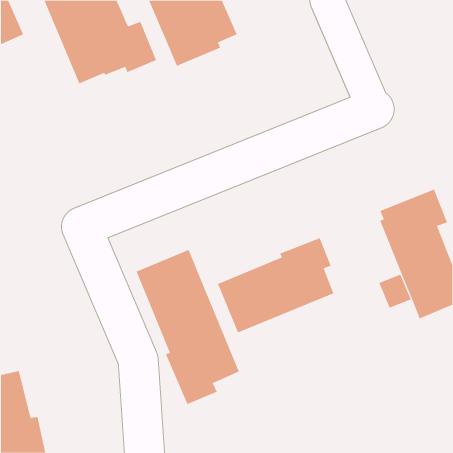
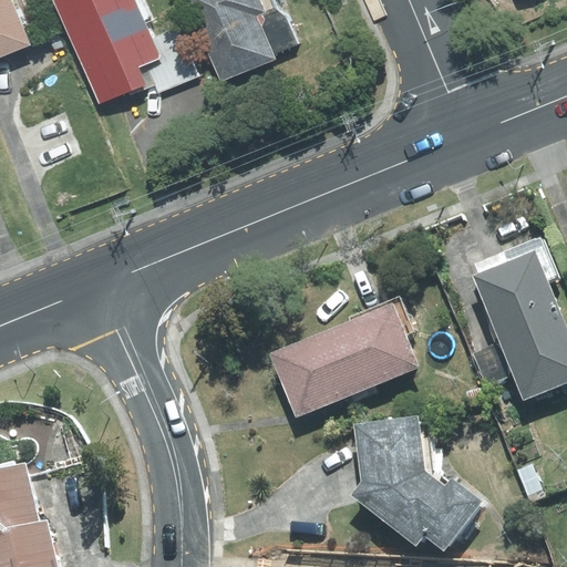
building: [136,249,240,405] -> none
building: none -> [353,417,478,548]

